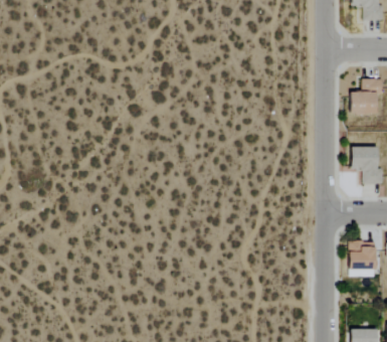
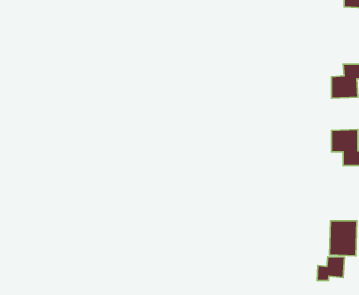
building: none -> [317,257,344,281]

